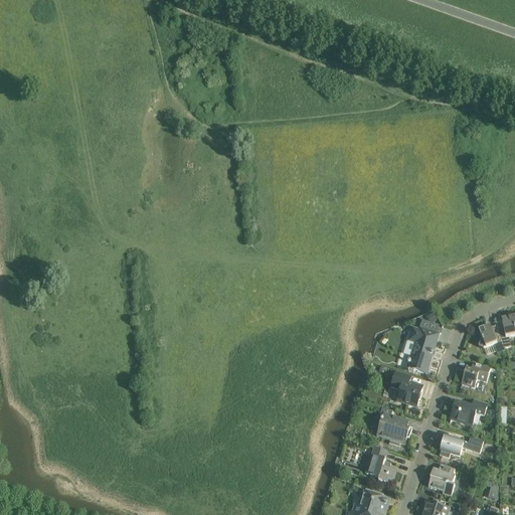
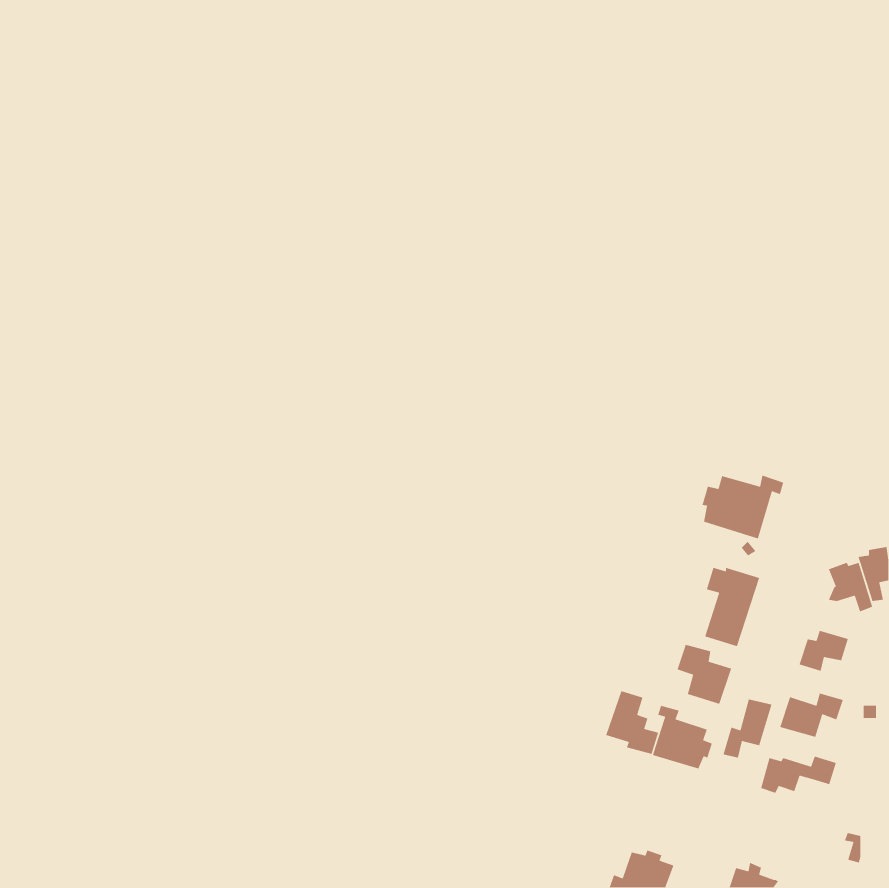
building: none -> [702,474,784,540]
building: none -> [722,699,772,758]
building: [365,447,396,484] -> [605,690,659,755]
building: [427,465,455,496] -> none

